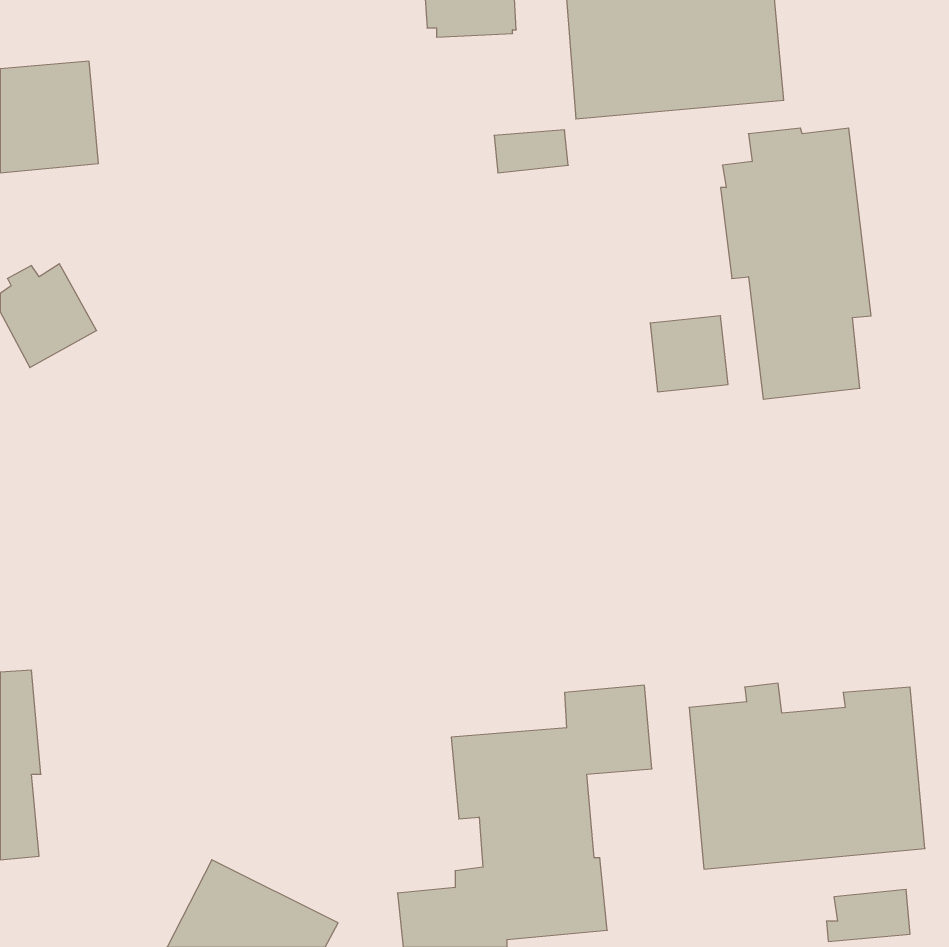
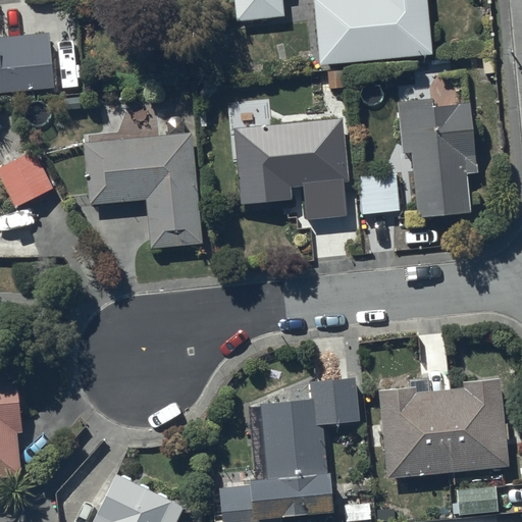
building: none -> [236,119,350,220]
building: none -> [84,134,203,248]

